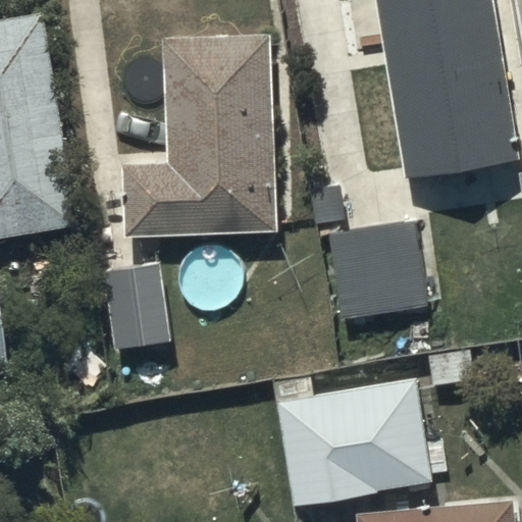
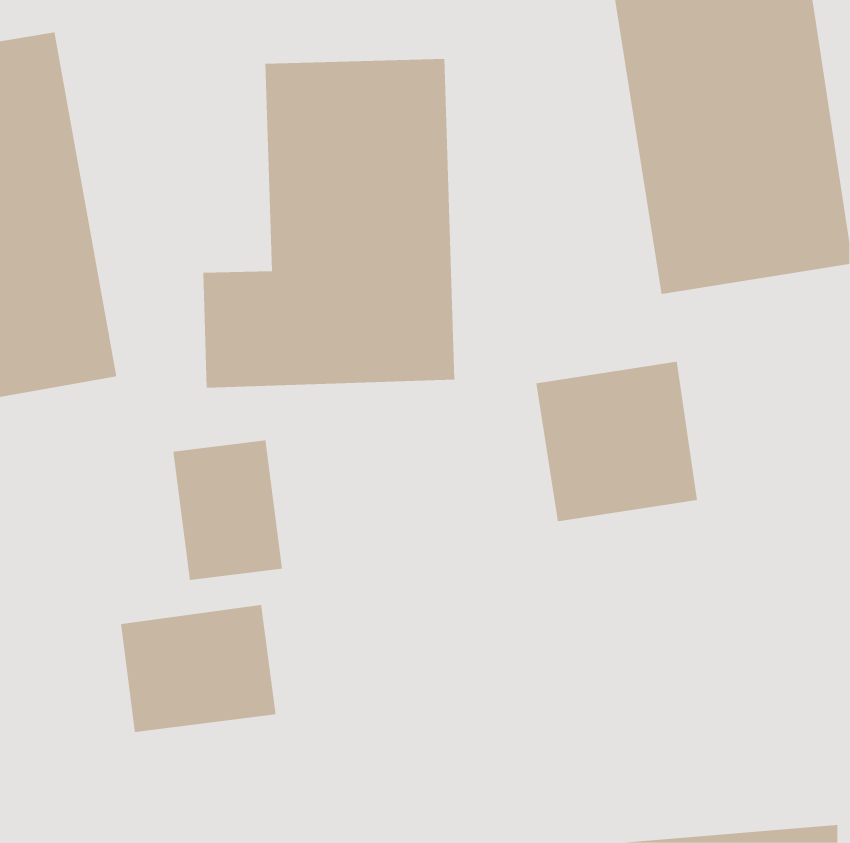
building: none -> [120,604,276,733]
building: [280,377,430,505] -> none

